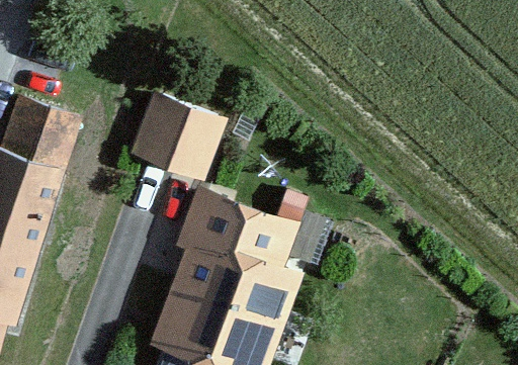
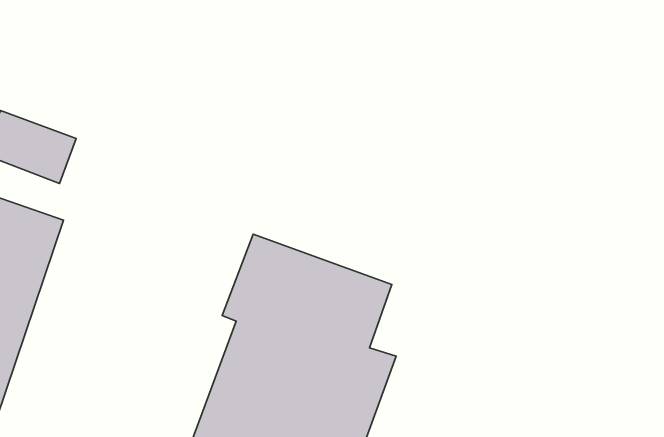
building: [128,92,225,183] -> none

